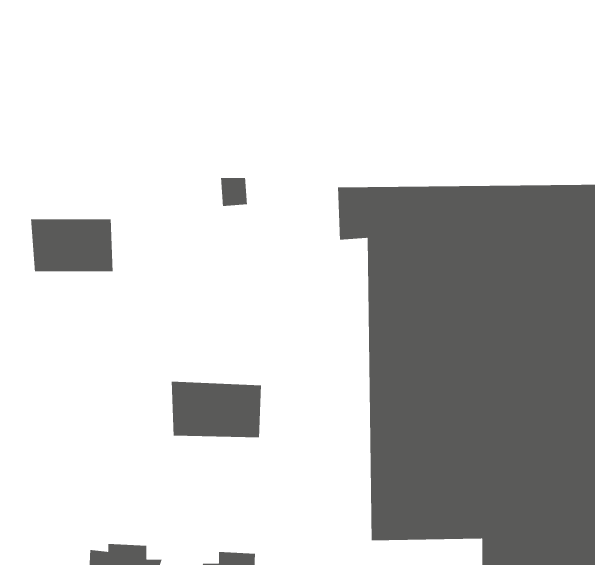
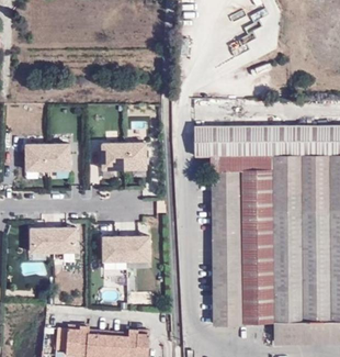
building: none -> [101,141,146,176]
building: none -> [29,228,79,257]

